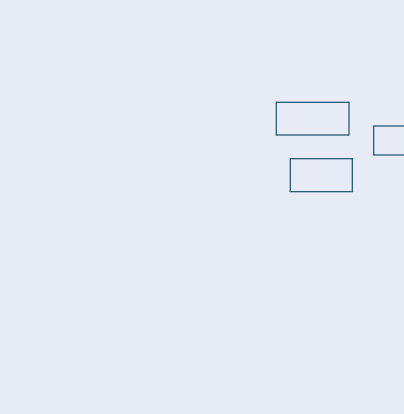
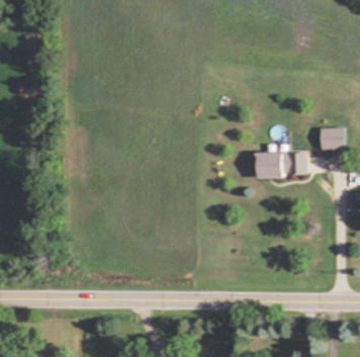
building: [276,102,349,135] -> none

